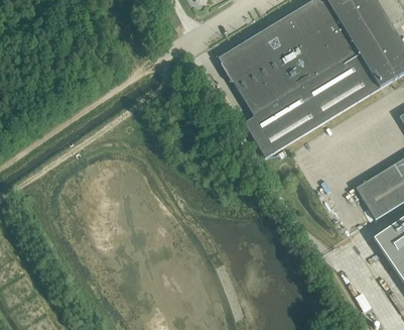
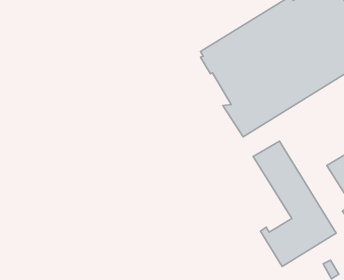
building: none -> [253,141,336,267]

